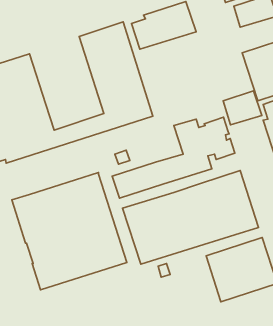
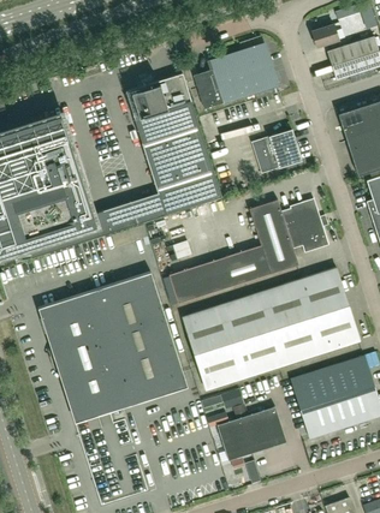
building: [223,91,262,125] -> [251,129,302,173]
building: none -> [216,406,286,460]

